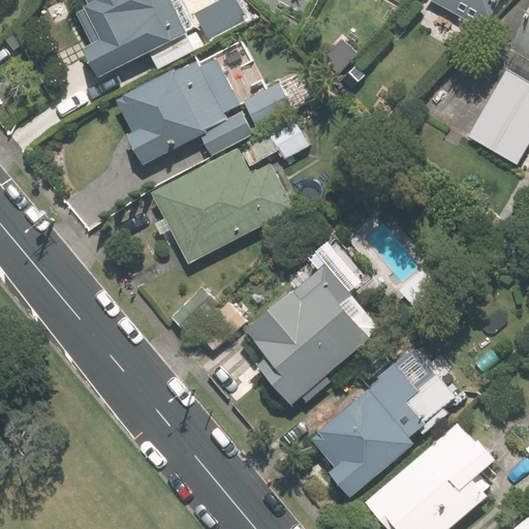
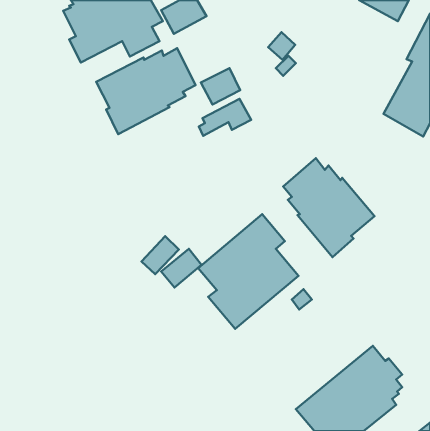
building: [151,150,291,264] -> none
building: none -> [283,158,374,257]
building: [308,363,455,497] -> none

